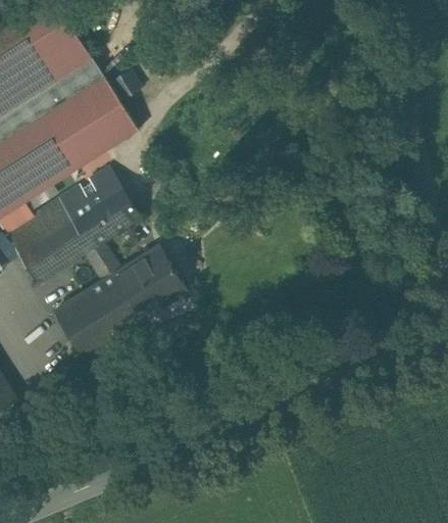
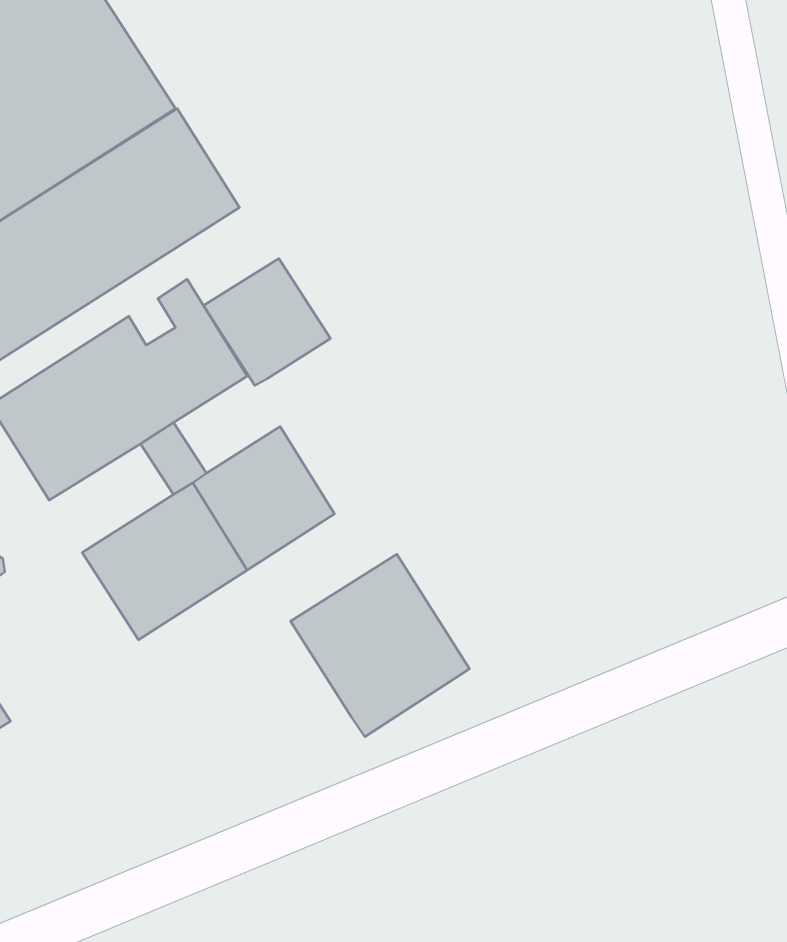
building: none -> [203,259,330,385]
building: none -> [290,554,469,737]

